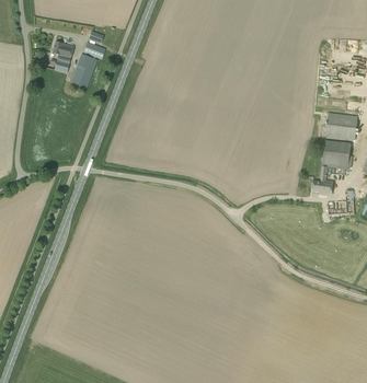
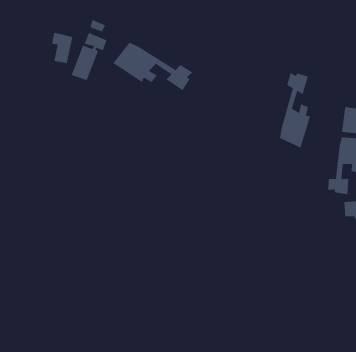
building: none -> [112,42,193,91]
building: none -> [279,72,311,148]

